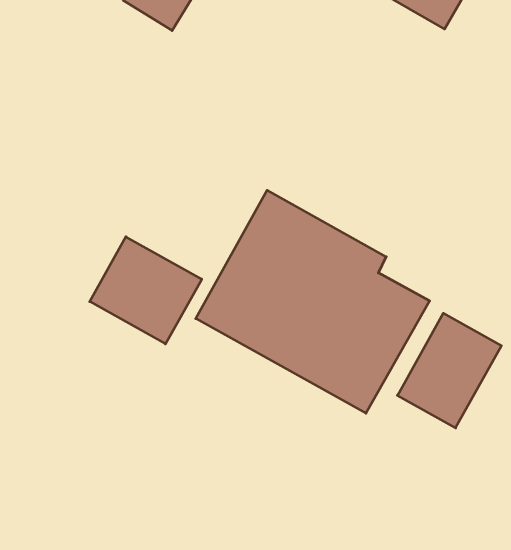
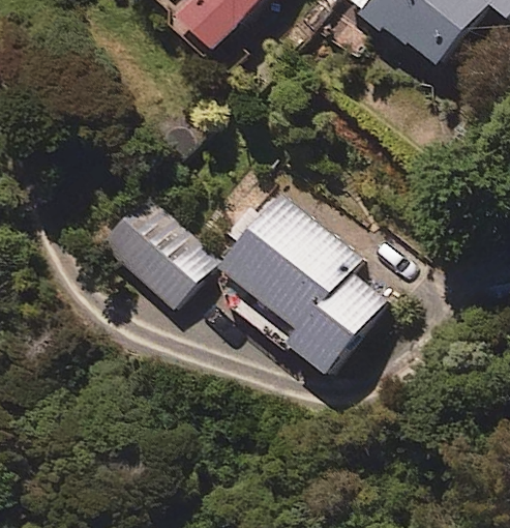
building: [397,313,501,428] -> none

